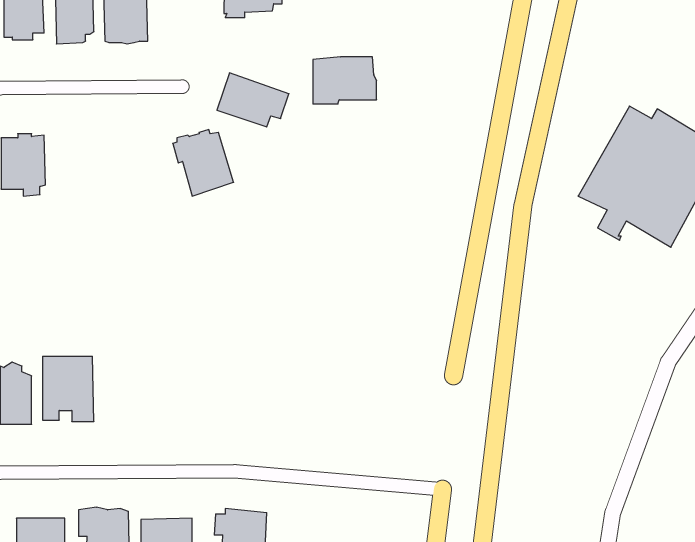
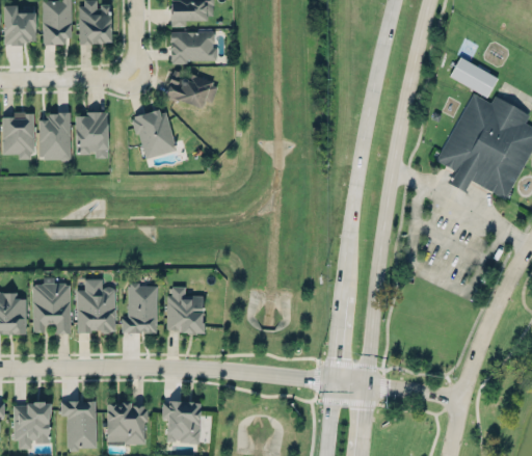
building: [313,57,377,104] -> [169,30,217,65]
building: none -> [449,57,498,97]
building: none -> [38,112,71,160]
building: none -> [76,113,108,159]
building: none -> [77,275,116,331]
building: none -> [122,280,158,332]
building: none -> [167,285,204,327]

